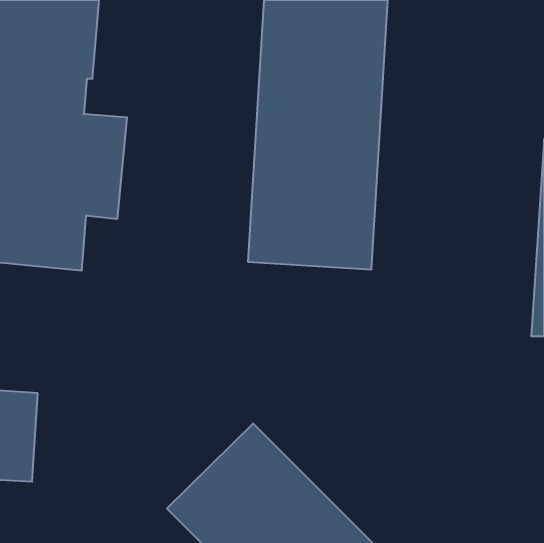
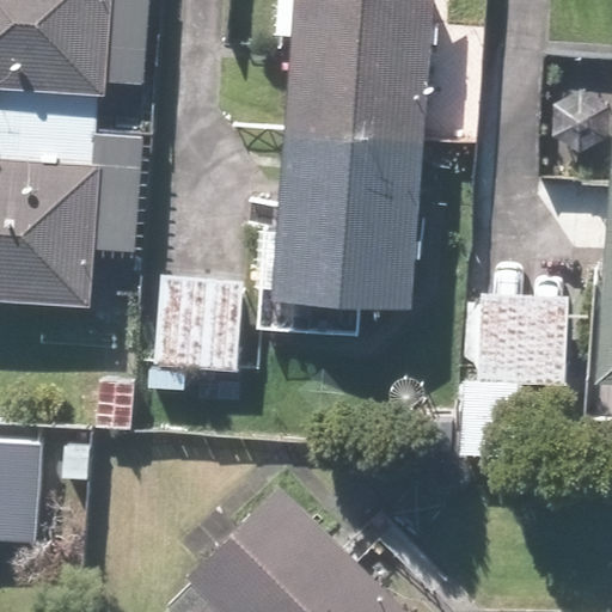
building: none -> [147,274,241,373]
building: none -> [475,293,568,387]

